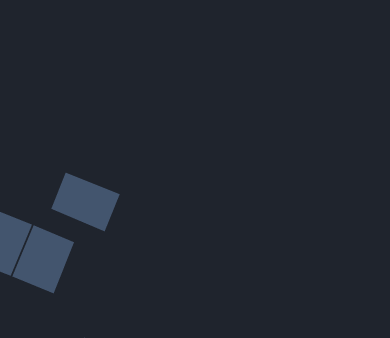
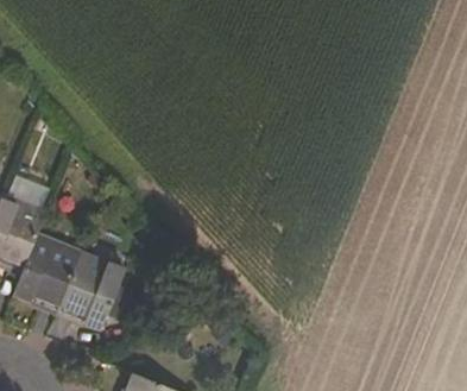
building: [50,171,121,232] -> none

